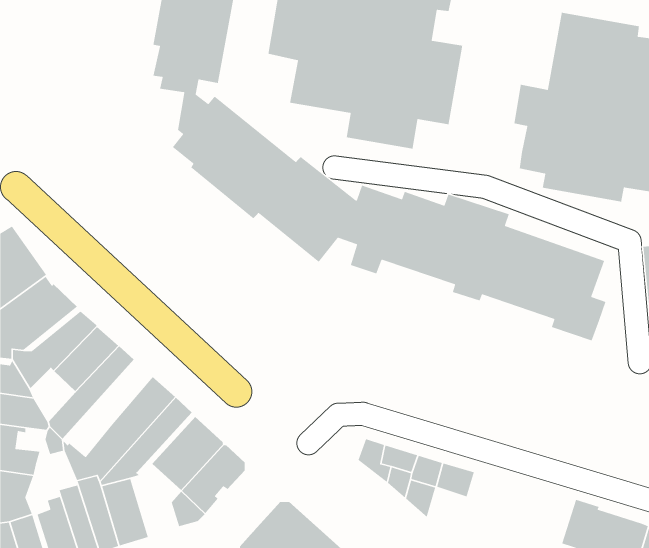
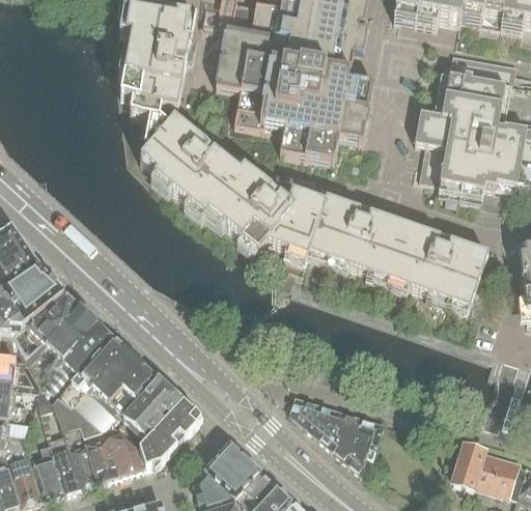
building: none -> [56,335,123,409]
building: none -> [106,425,143,475]
building: none -> [344,434,376,477]

